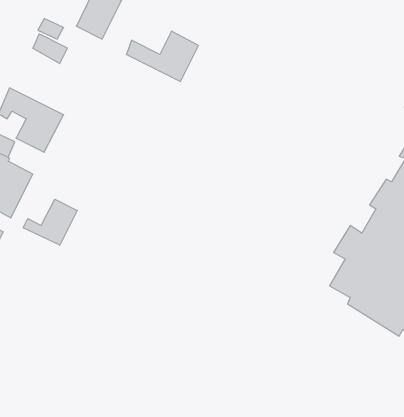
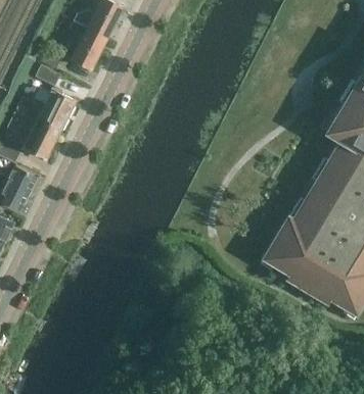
building: [126,31,198,81] -> [17,90,75,130]
building: [23,199,77,245] -> none

